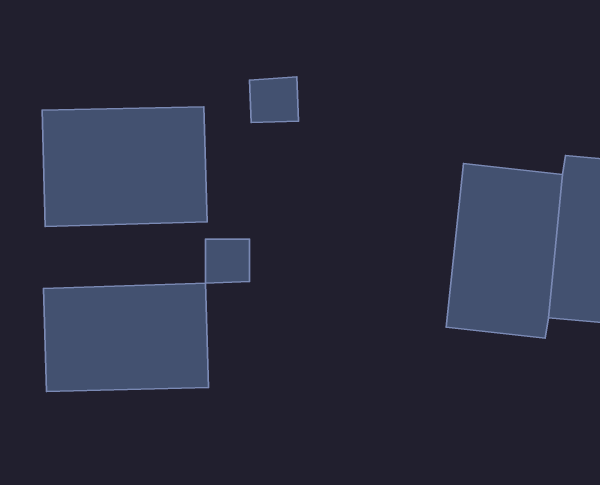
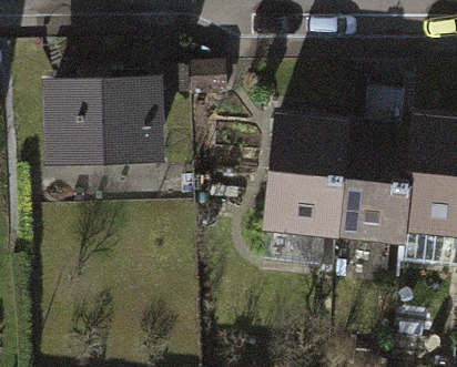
building: none -> [267,115,345,237]
building: [44,283,208,391] -> none

